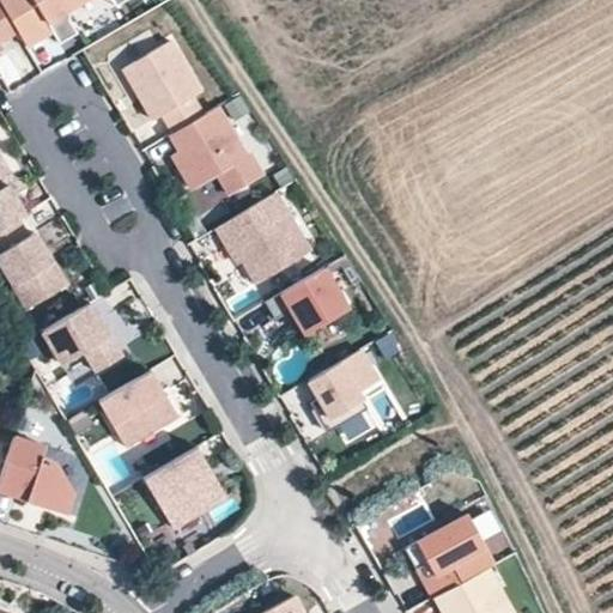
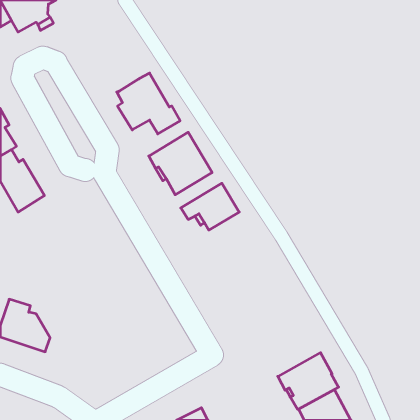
building: [123,41,202,133] -> none
building: [35,305,116,376] -> none
building: [308,350,377,431] -> none
building: [98,369,177,445] -> none
building: [142,445,226,527] -> none

